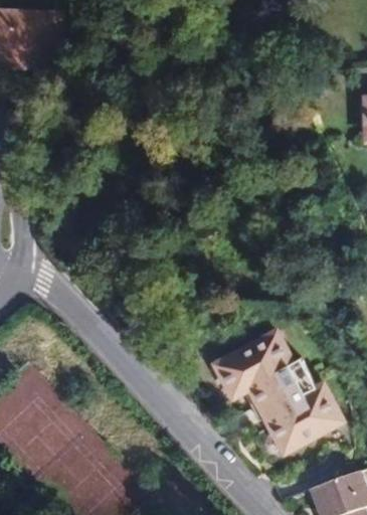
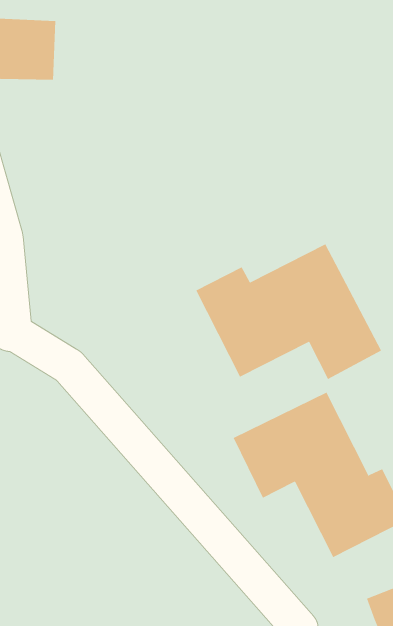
building: none -> [196,243,382,380]

